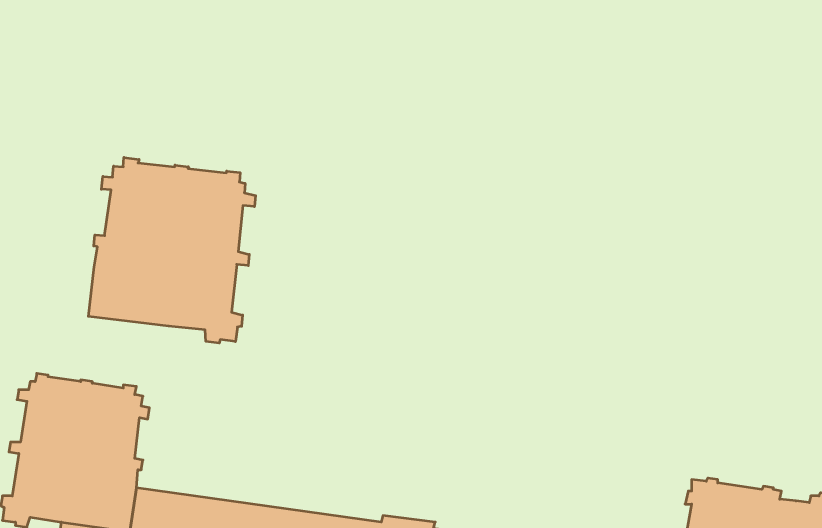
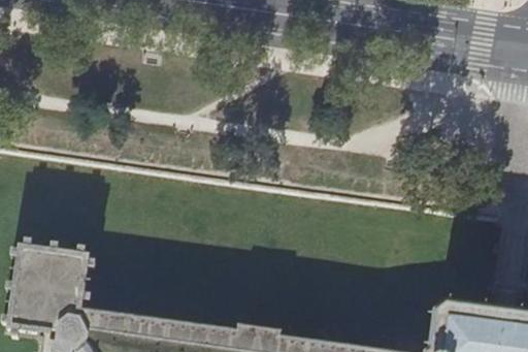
building: [88,157,256,343] -> none

